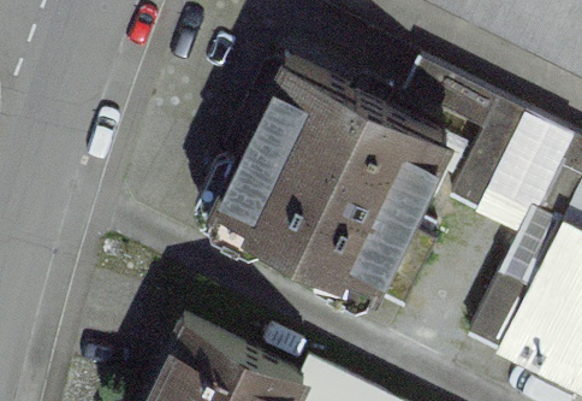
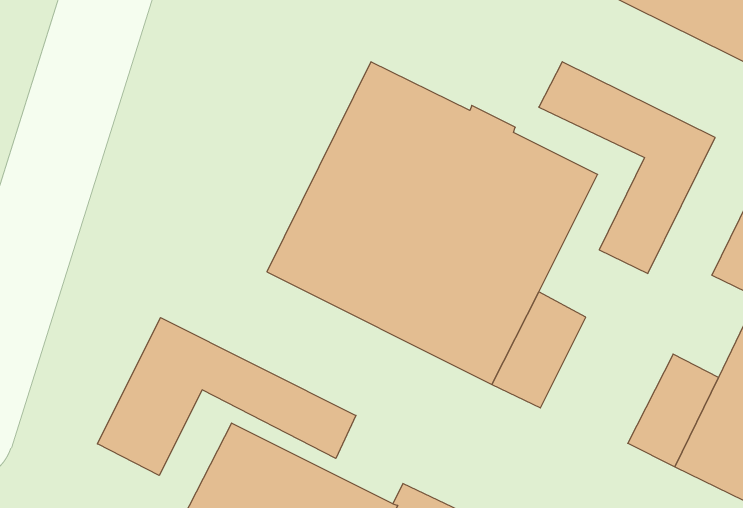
building: none -> [97,318,356,475]

